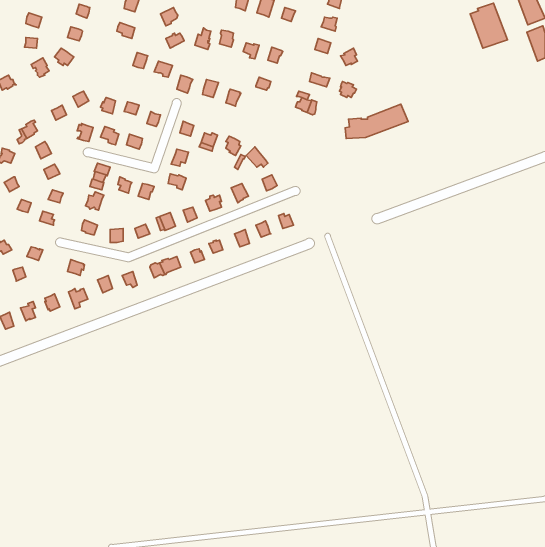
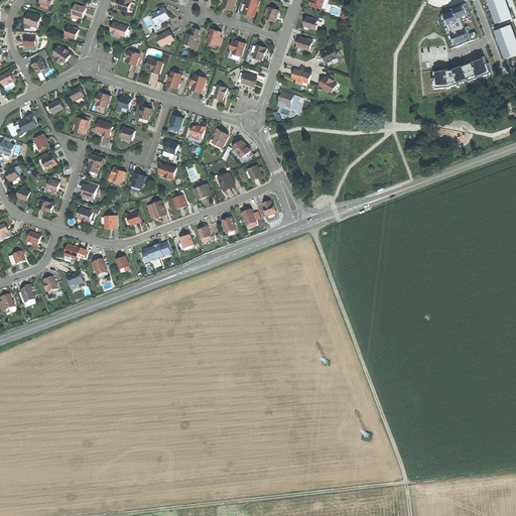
building: [345,104,408,139] -> [431,55,491,88]

